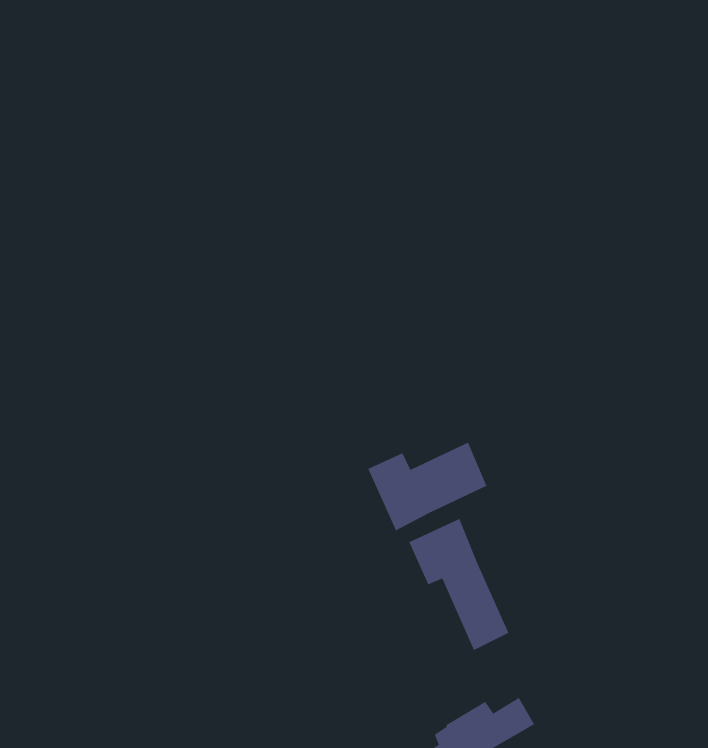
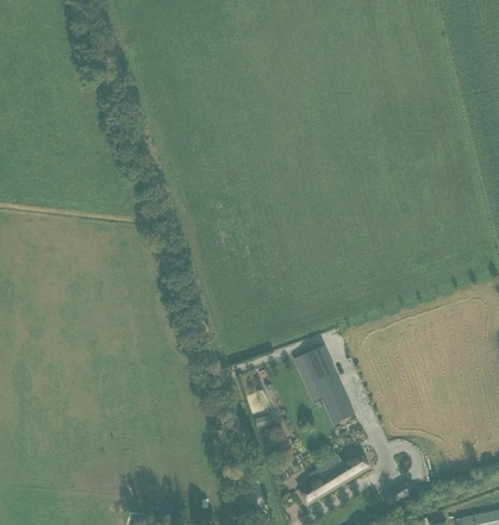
building: [367,442,488,531] -> none

